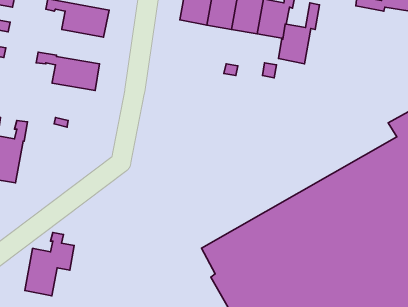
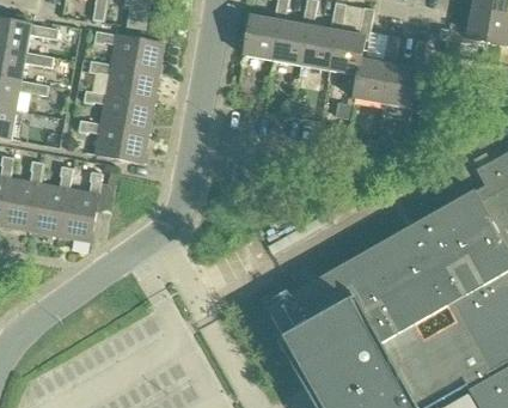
building: none -> [381,38,427,106]
building: none -> [88,59,158,102]
building: none -> [78,118,148,162]
building: [25,232,74,296] -> [60,170,115,240]

